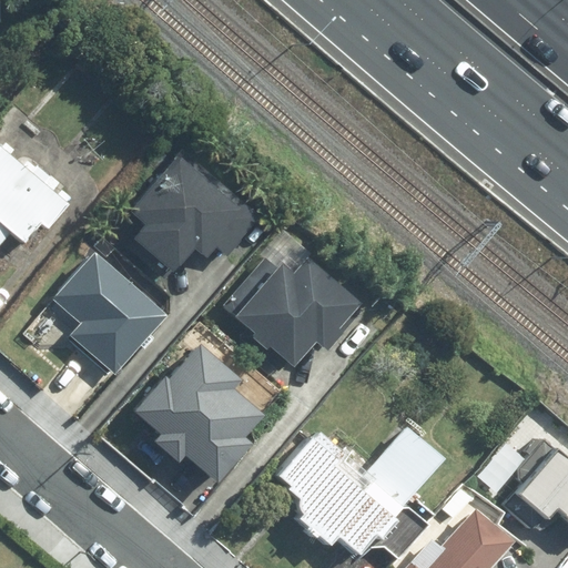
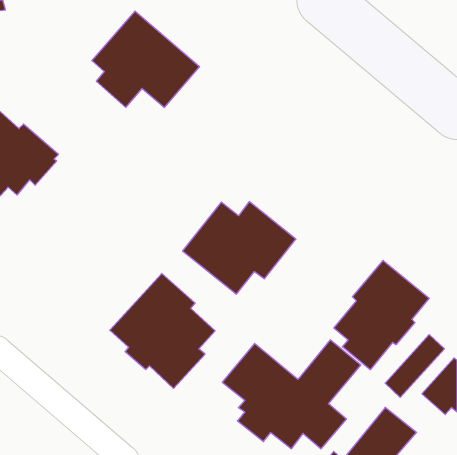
building: [128,151,261,270] -> [92,11,200,107]
building: [50,250,164,374] -> none
building: none -> [334,260,429,370]

